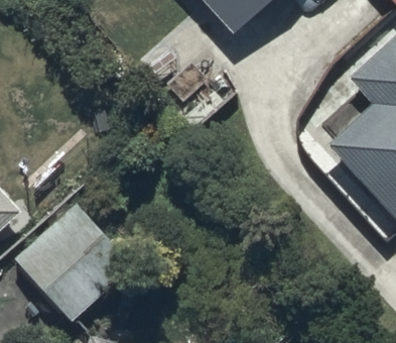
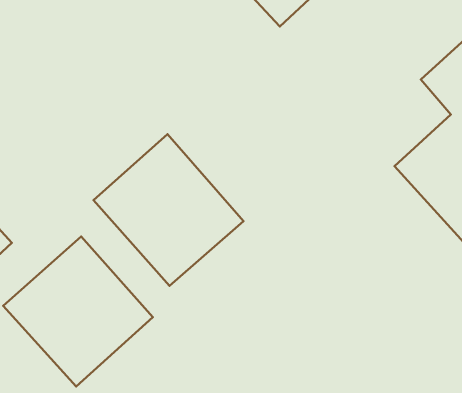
building: none -> [93,134,244,286]

